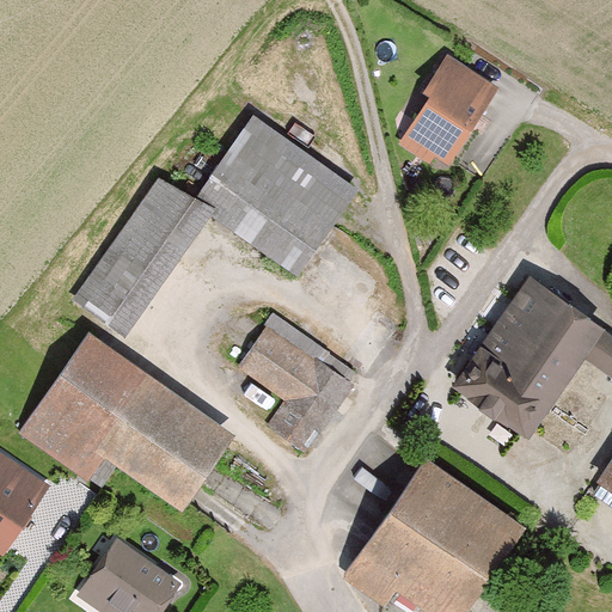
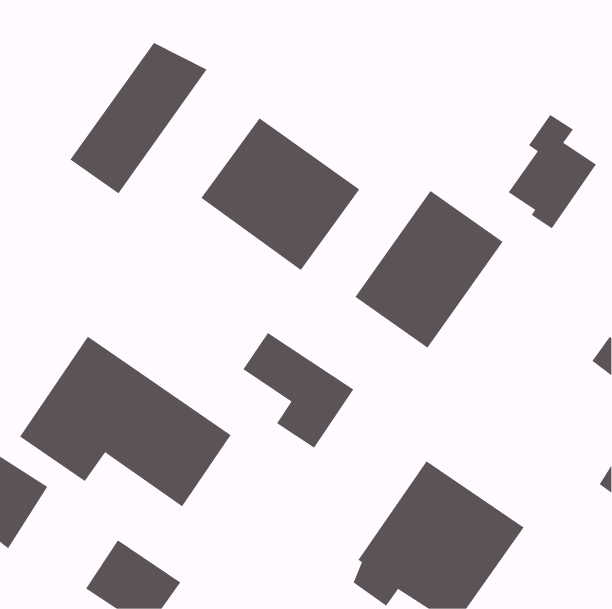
building: [402,50,490,165] -> [508,114,597,229]
building: [74,183,212,335] -> [69,42,207,194]
building: [455,280,604,437] -> [355,190,503,349]

